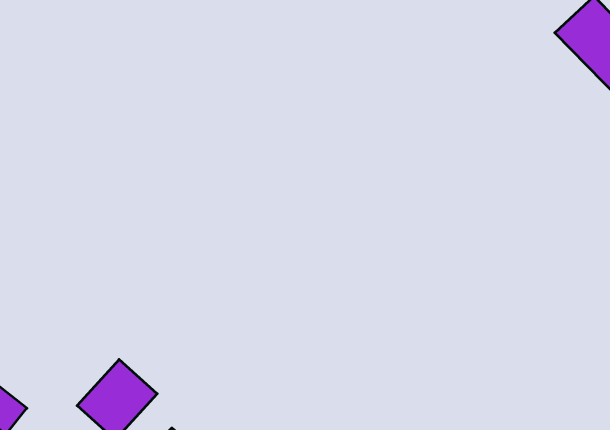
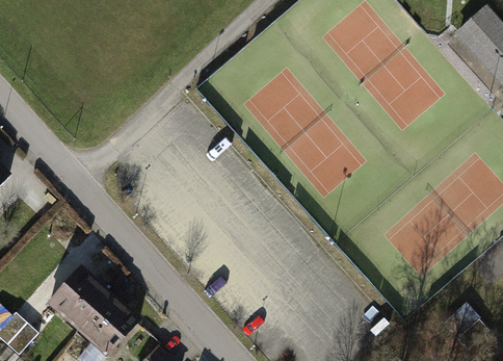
building: none -> [47,267,111,331]

